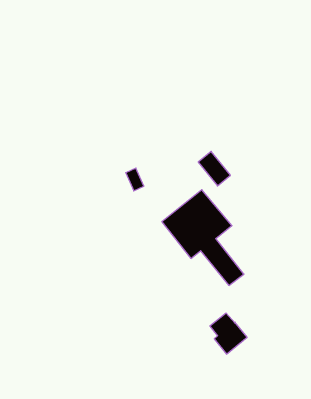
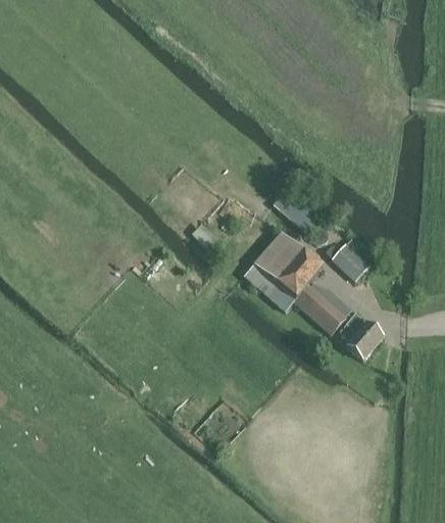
building: none -> [326,243,369,280]
building: [210,313,247,354] -> [340,314,383,359]

